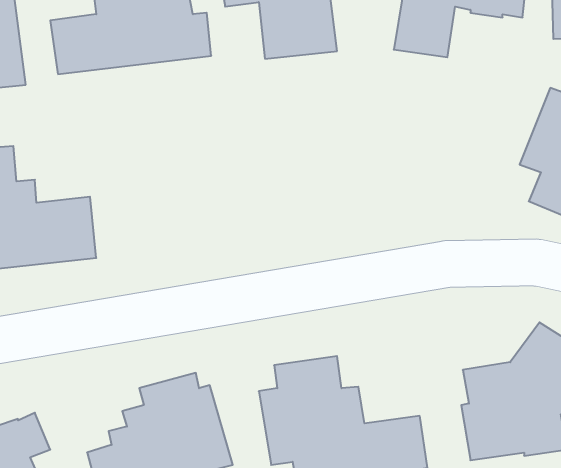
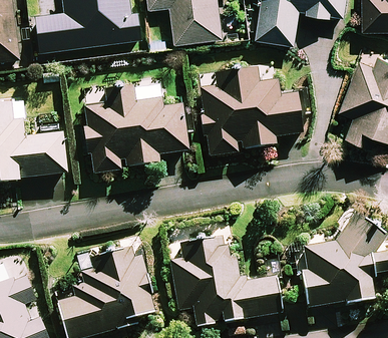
building: none -> [201,68,301,154]
building: none -> [82,87,187,173]

